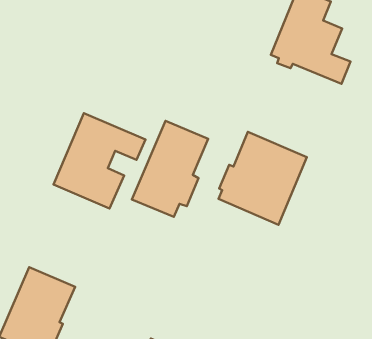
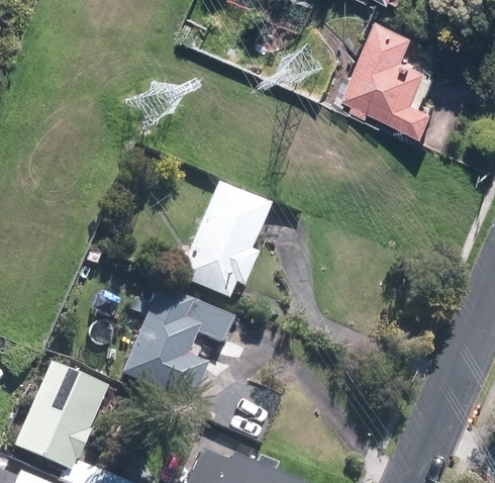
building: [54,113,146,208] -> [121,284,234,401]
building: [219,132,307,225] -> none

